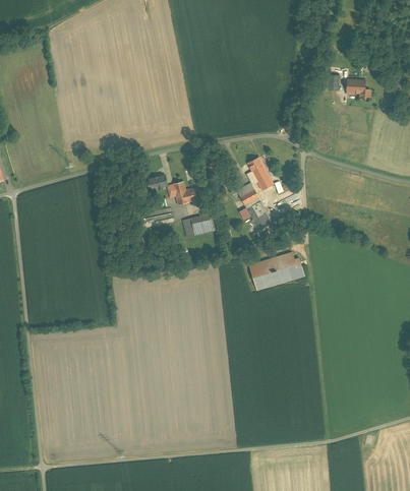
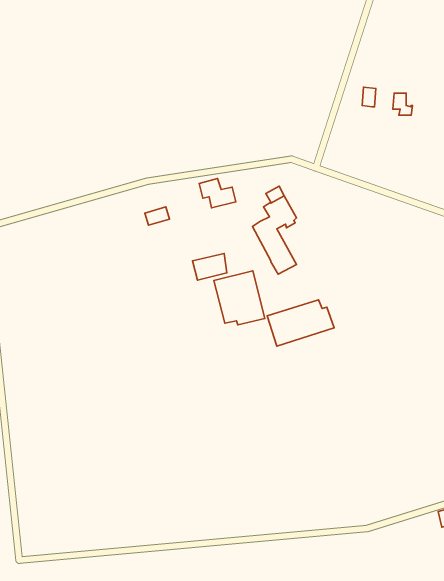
building: [167,180,197,204] -> [199,178,236,208]
building: none -> [214,271,265,325]

